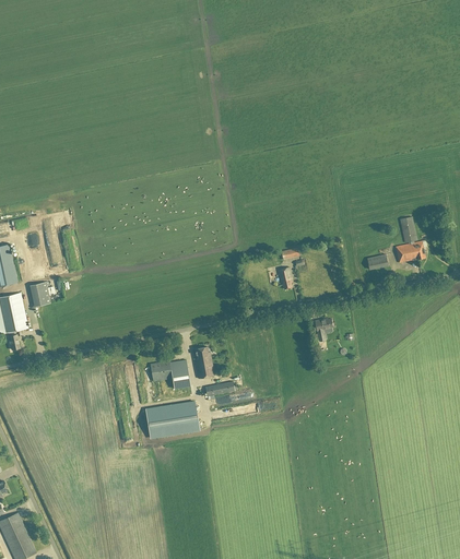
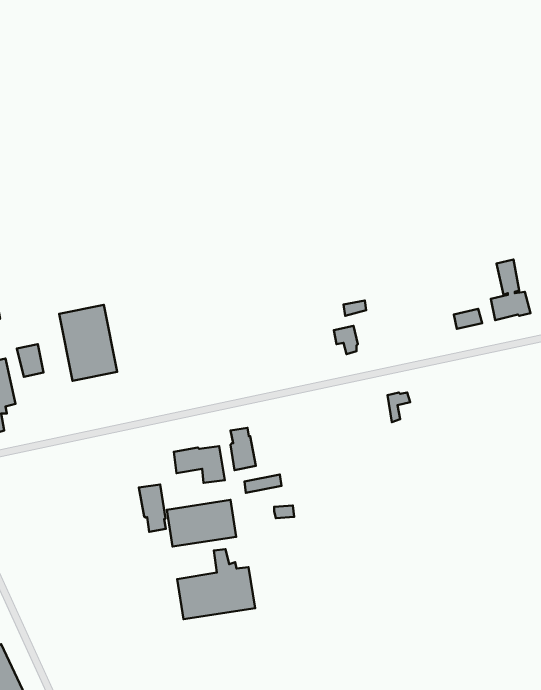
building: none -> [59,305,117,381]
building: none -> [139,485,166,532]
building: none -> [177,549,255,619]

